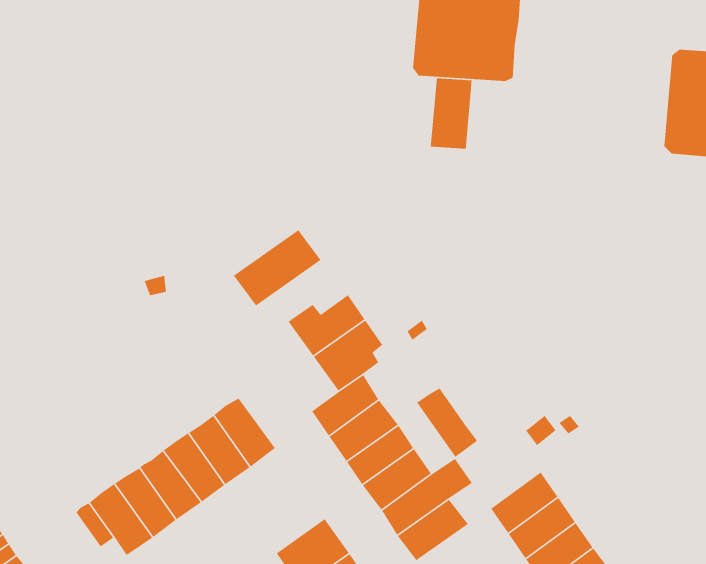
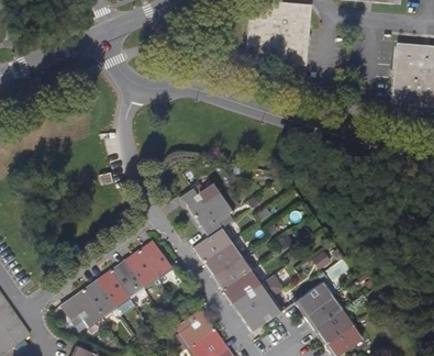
building: [430,77,473,150] -> none
building: [233,229,322,307] -> none
building: [416,387,477,458] -> none

